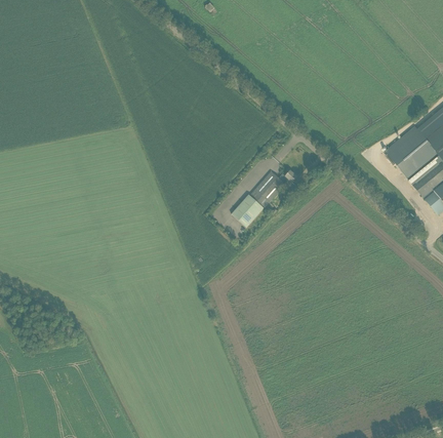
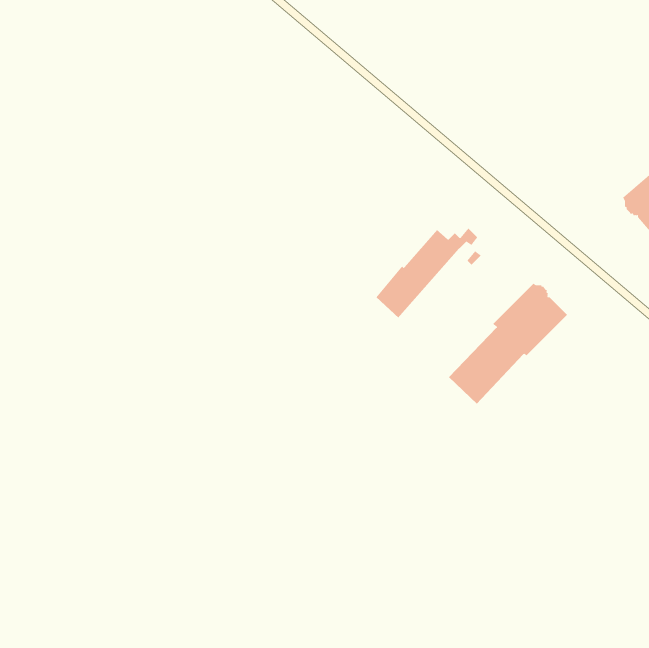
building: none -> [448,283,568,405]

